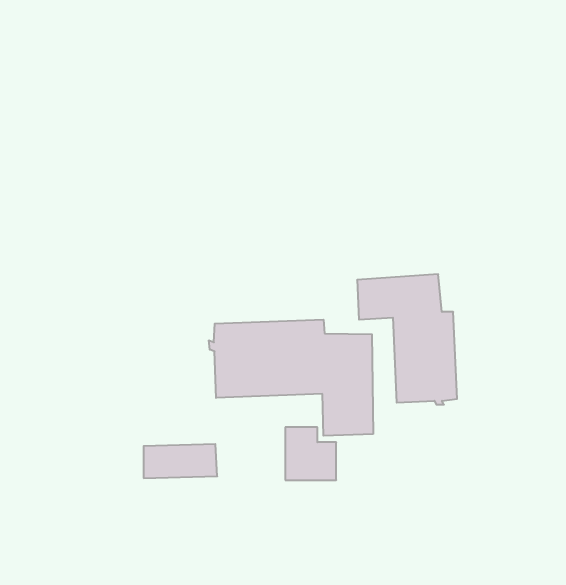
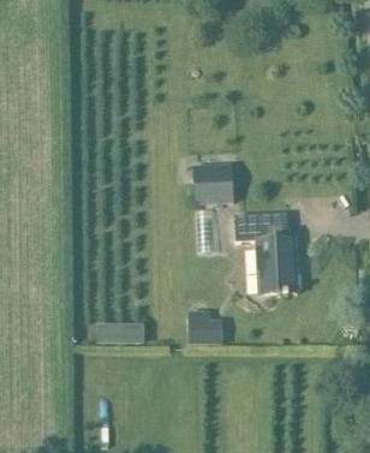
building: none -> [196,166,234,203]
building: [209,320,373,436] -> none

